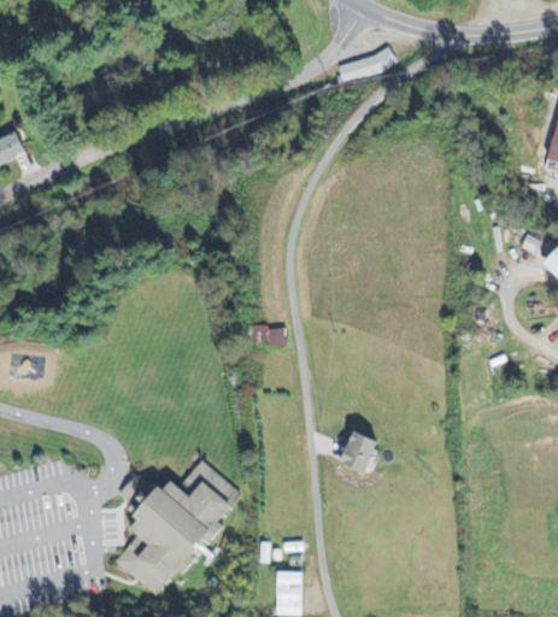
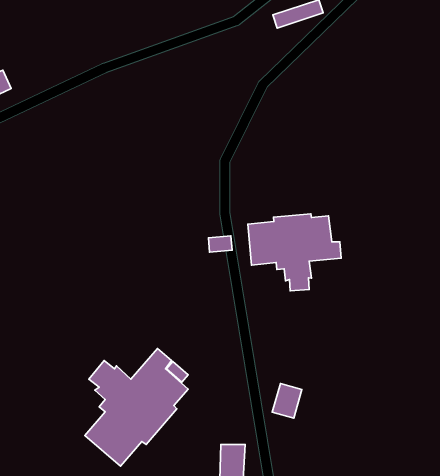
building: none -> [248,214,341,291]
building: [345,433,380,474] -> [272,383,302,418]

